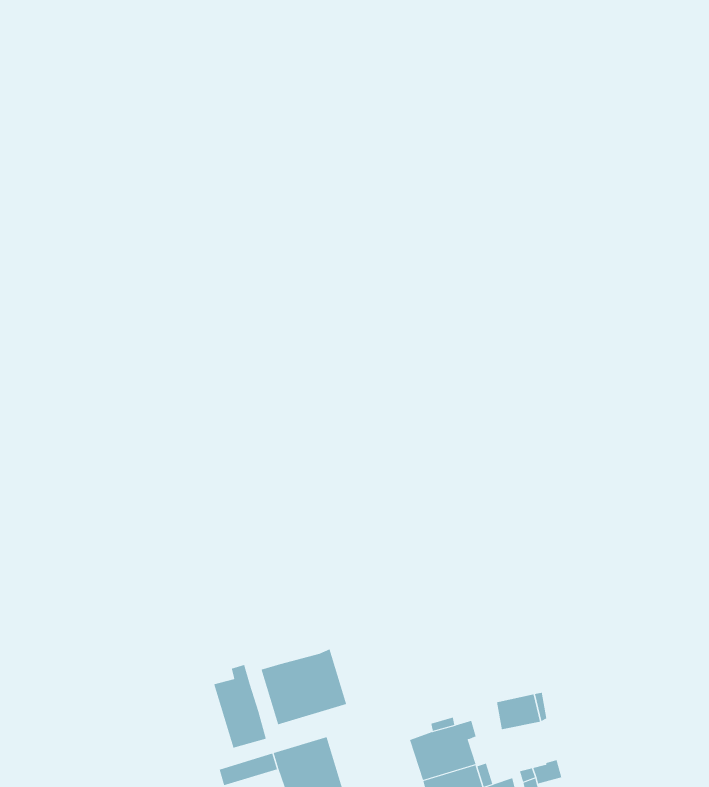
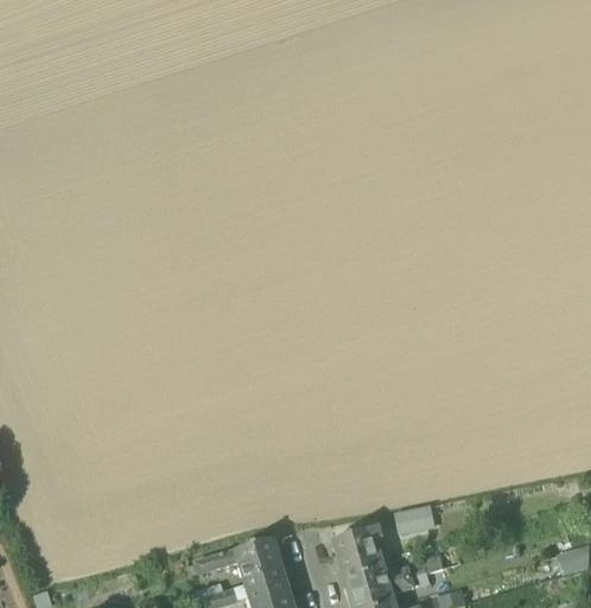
building: [261,648,347,725] -> none
building: [214,664,266,748] -> none

